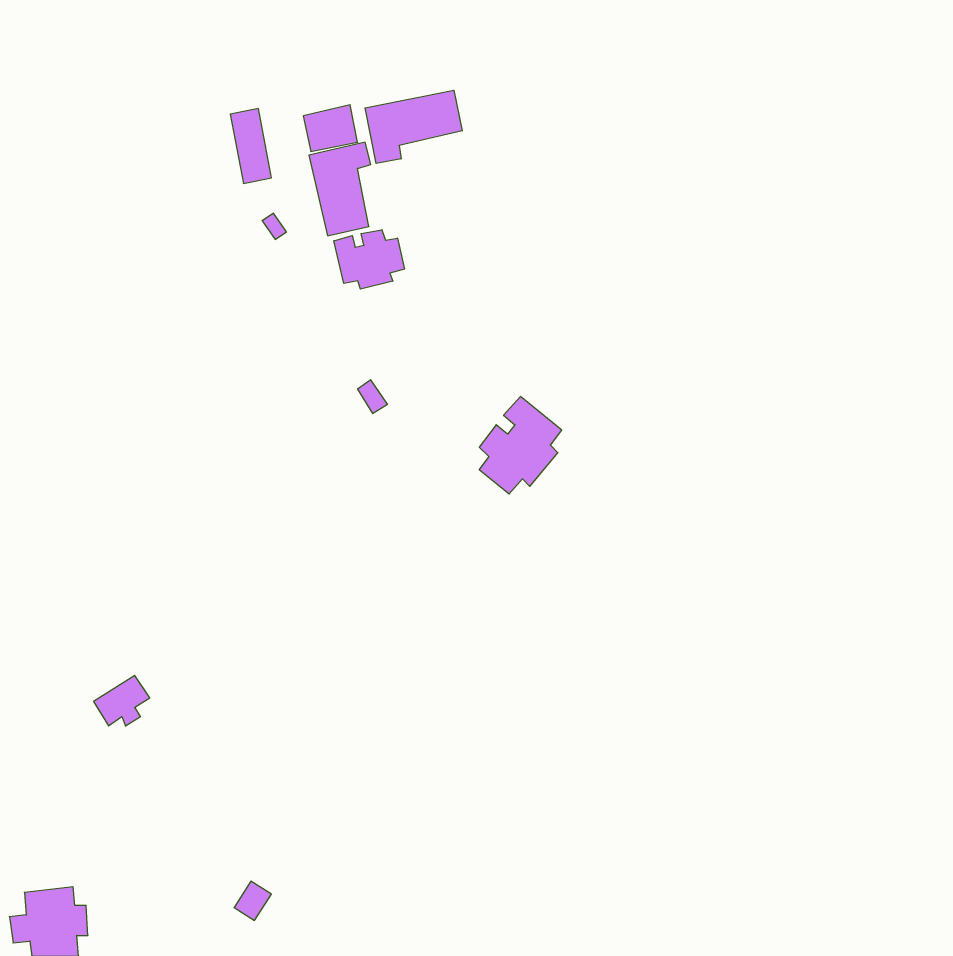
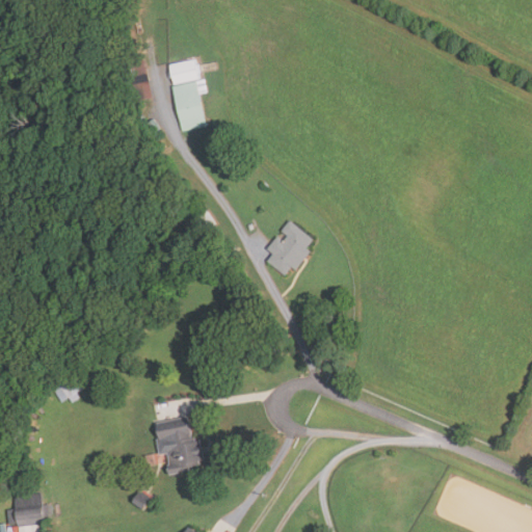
building: [365,90,462,163] -> none
building: [334,230,404,289] -> none
building: none -> [155,417,203,476]

